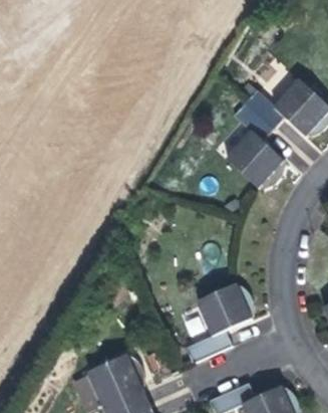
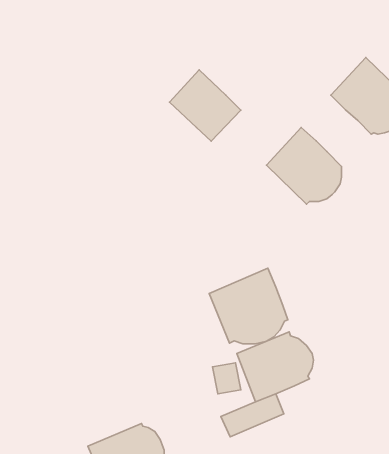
building: [228,87,281,141] -> [170,70,241,141]
building: none -> [209,268,288,344]

